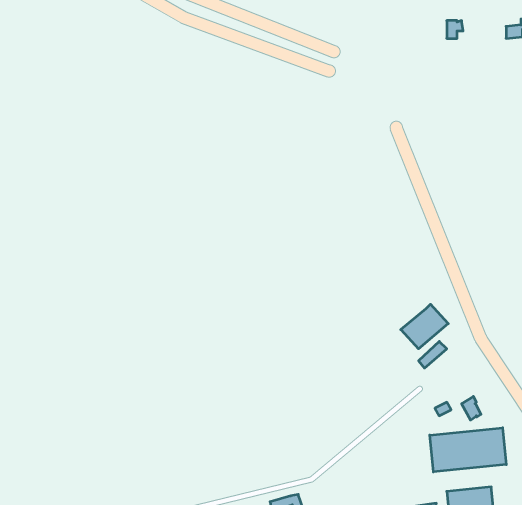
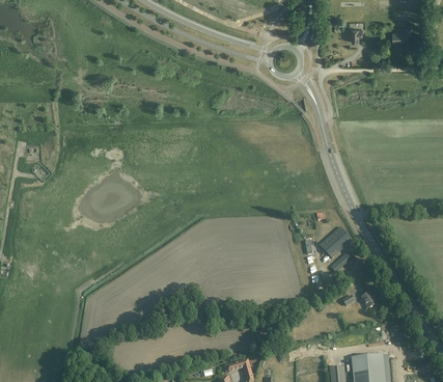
building: [430,428,506,472] -> none

